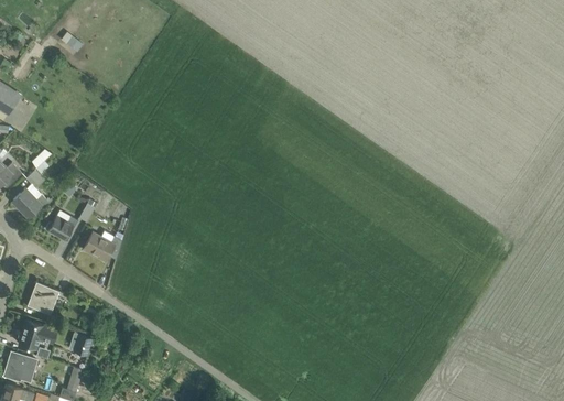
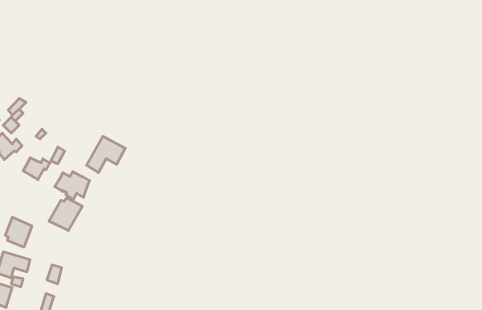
building: none -> [87,136,125,173]
building: none -> [49,198,82,231]

